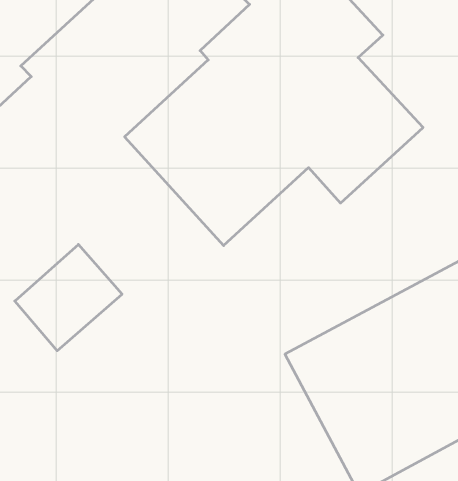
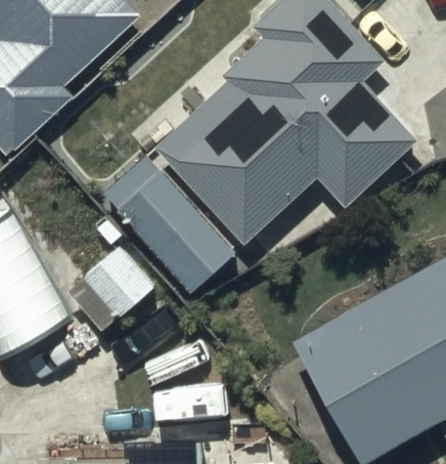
building: none -> [113,170,232,293]

